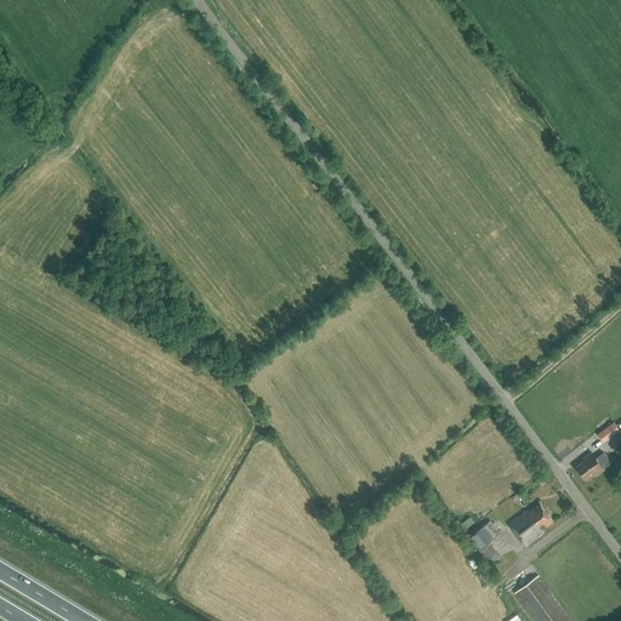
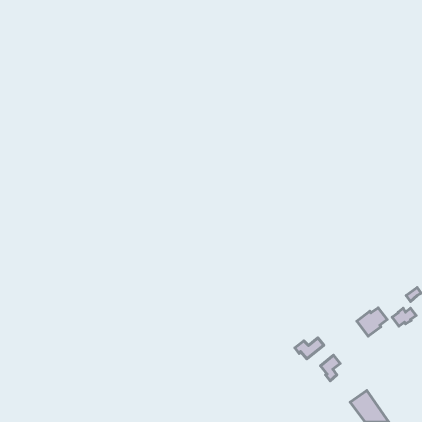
building: none -> [295,338,324,359]
building: [508,505,553,546] -> [357,308,387,336]

